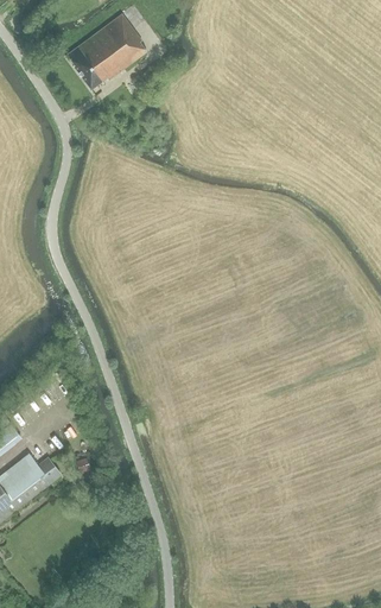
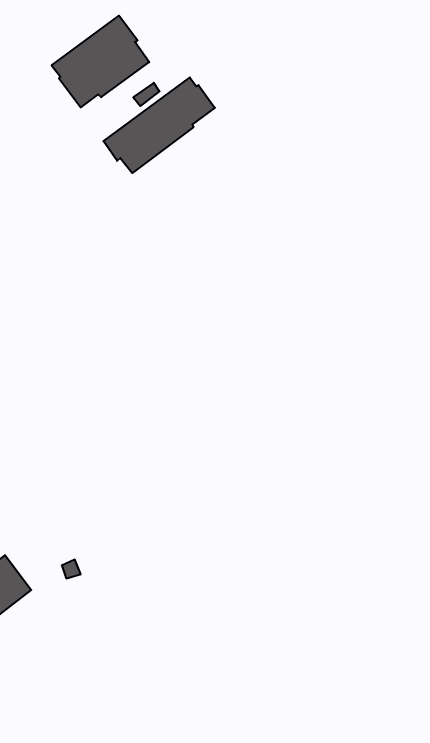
building: none -> [103,77,215,173]

